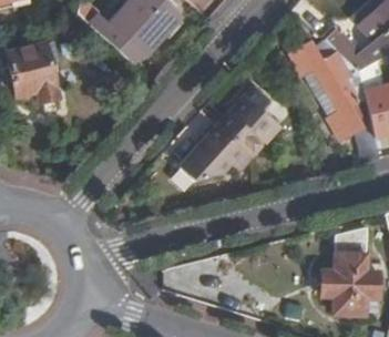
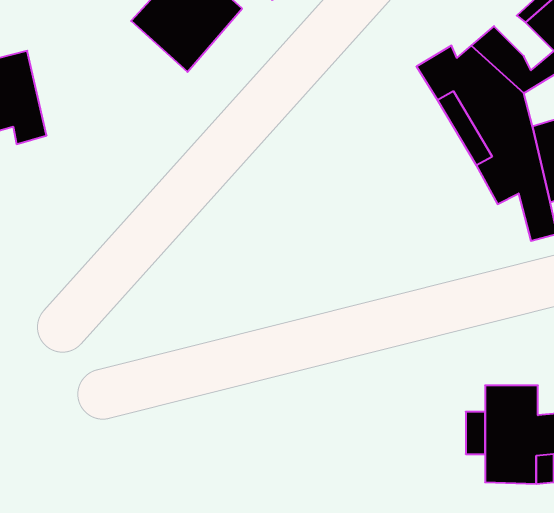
building: [180,85,281,180] -> none

